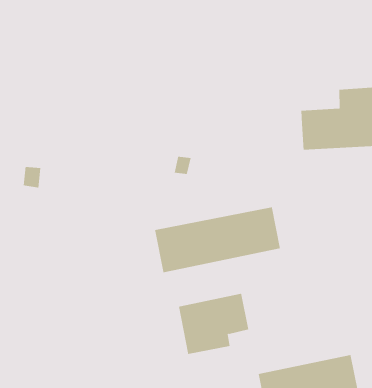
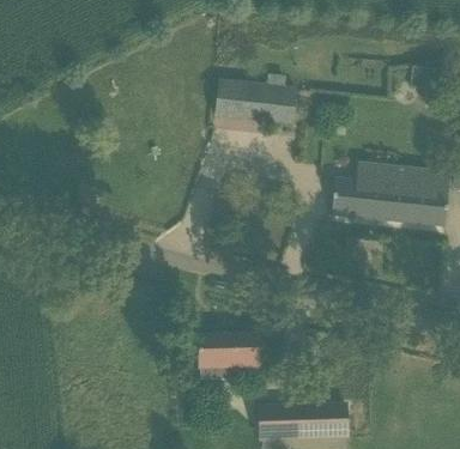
building: none -> [216,78,296,123]
building: [154,207,281,273] -> none

